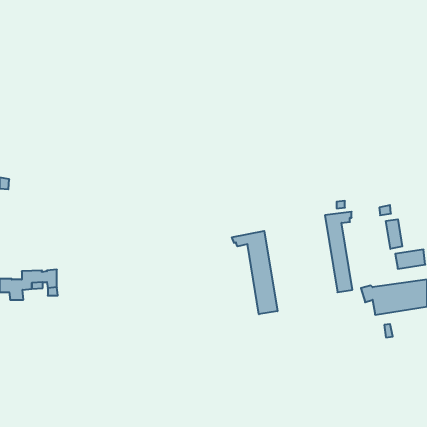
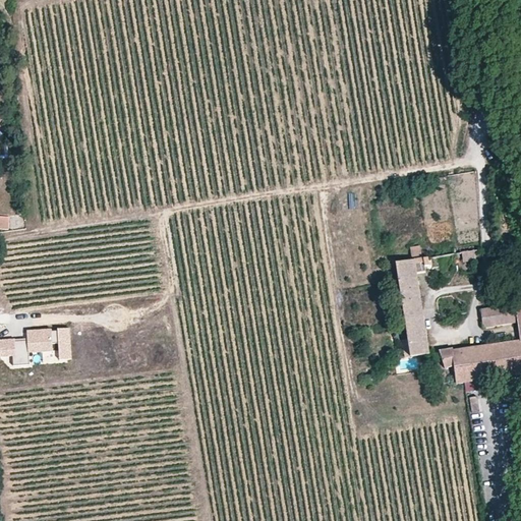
building: [386,219,402,249] -> none
building: [232,231,277,314] -> none

